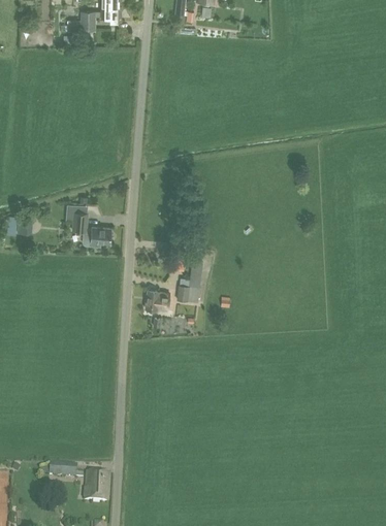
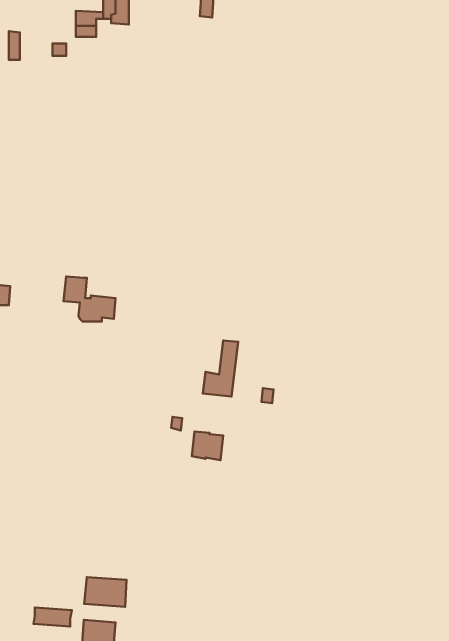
building: [144,289,168,310] -> [192,432,223,460]
building: none -> [84,577,127,607]

